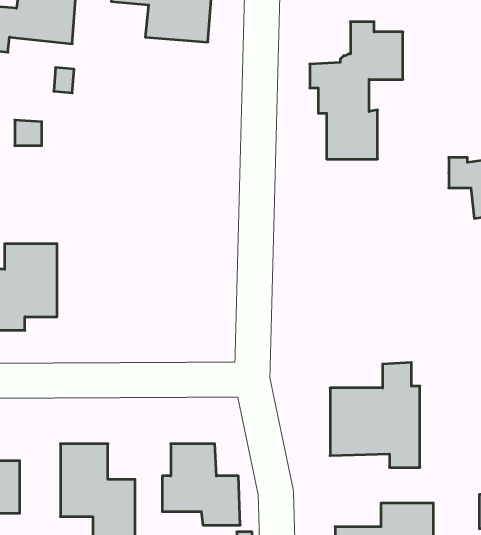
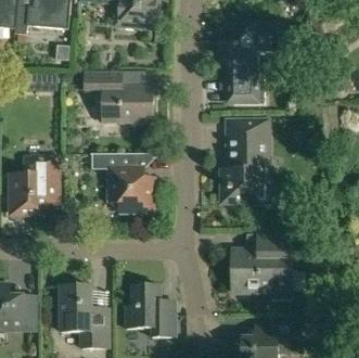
building: none -> [84,69,152,123]
building: none -> [220,119,266,201]
building: none -> [90,152,152,210]

